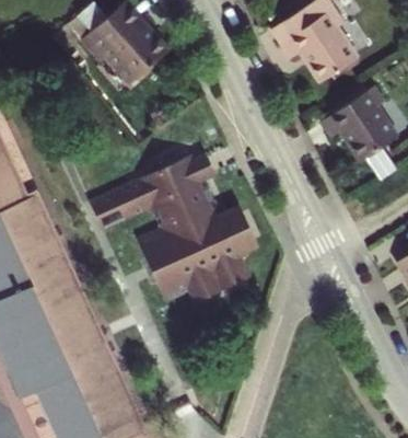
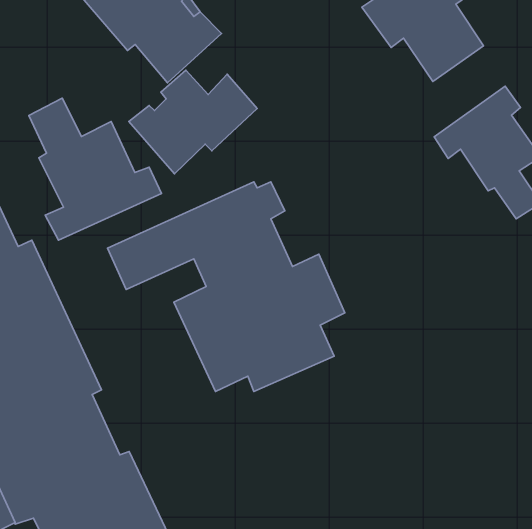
building: none -> [129,70,257,174]
building: none -> [29,98,161,240]

